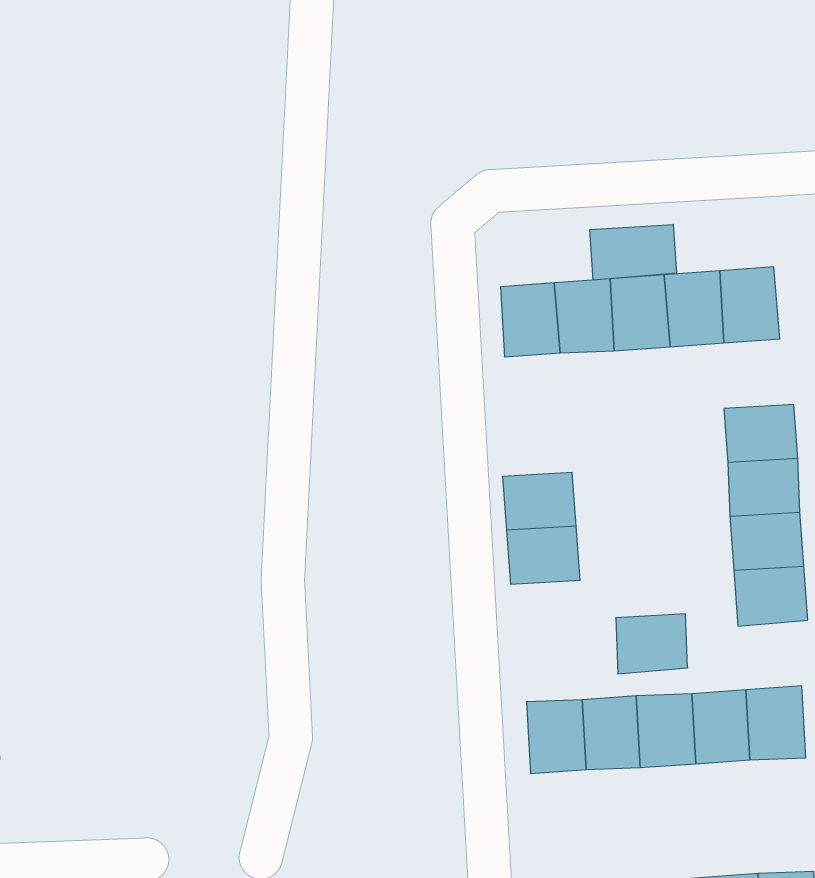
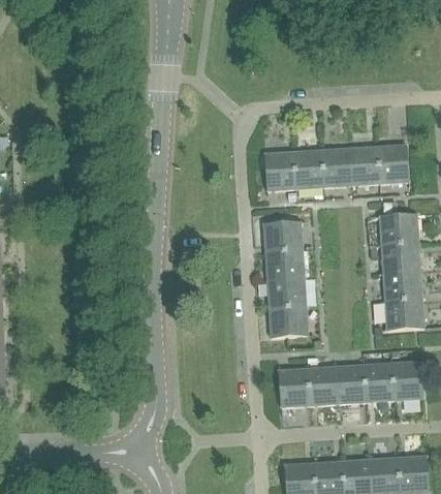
building: [590,224,677,280] -> none
building: none -> [263,222,302,252]
building: [616,614,688,674] -> [270,306,307,337]

